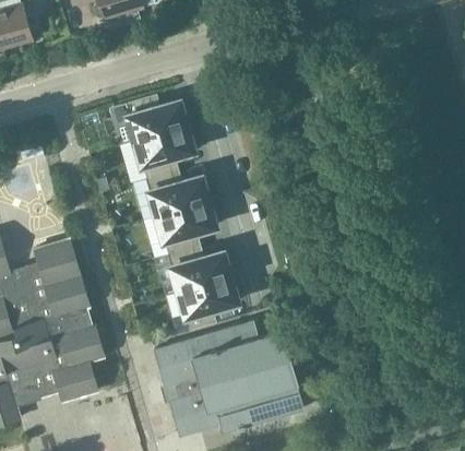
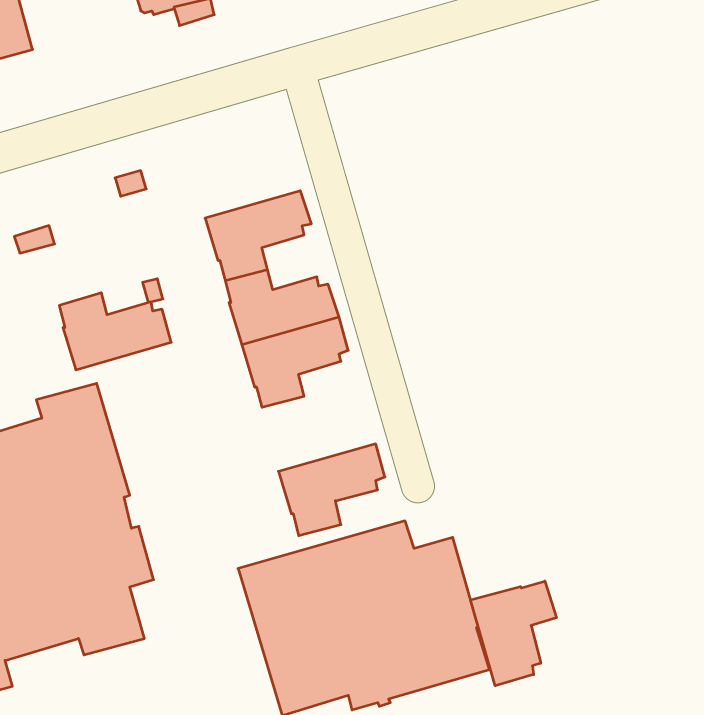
building: [123,95,190,141] -> [59,293,171,370]
building: [167,247,235,292] -> none
building: none -> [471,581,556,686]

